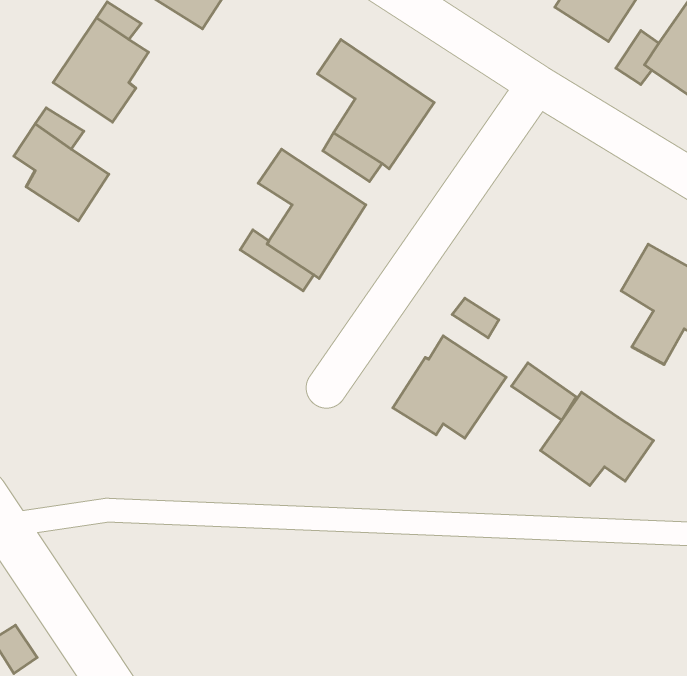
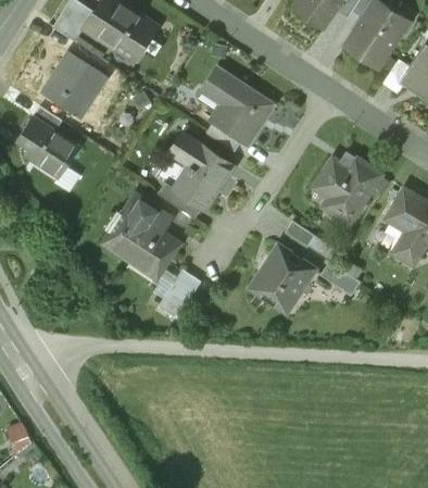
building: none -> [314,157,380,223]
building: none -> [104,197,177,271]
building: none -> [158,271,199,317]
building: [541,392,654,486] -> none

